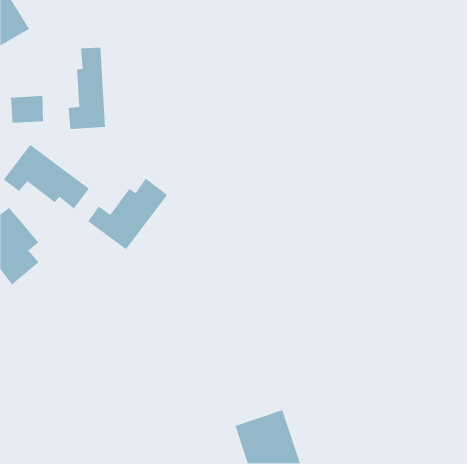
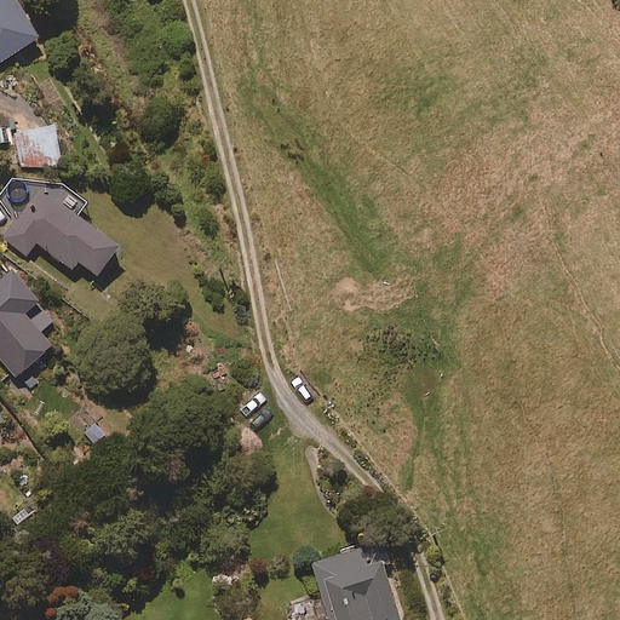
building: [68,47,106,130] -> none
building: [87,178,168,250] -> none

